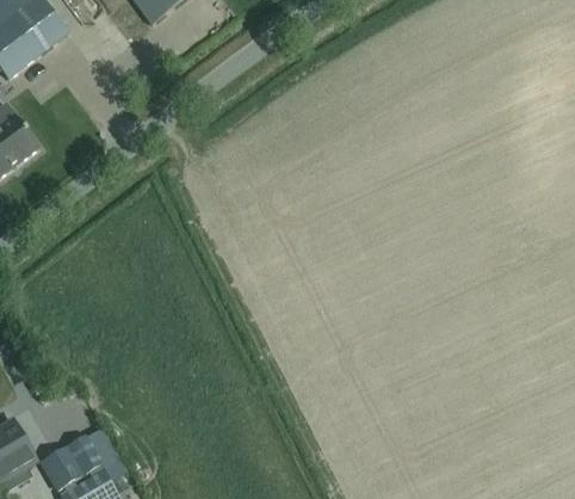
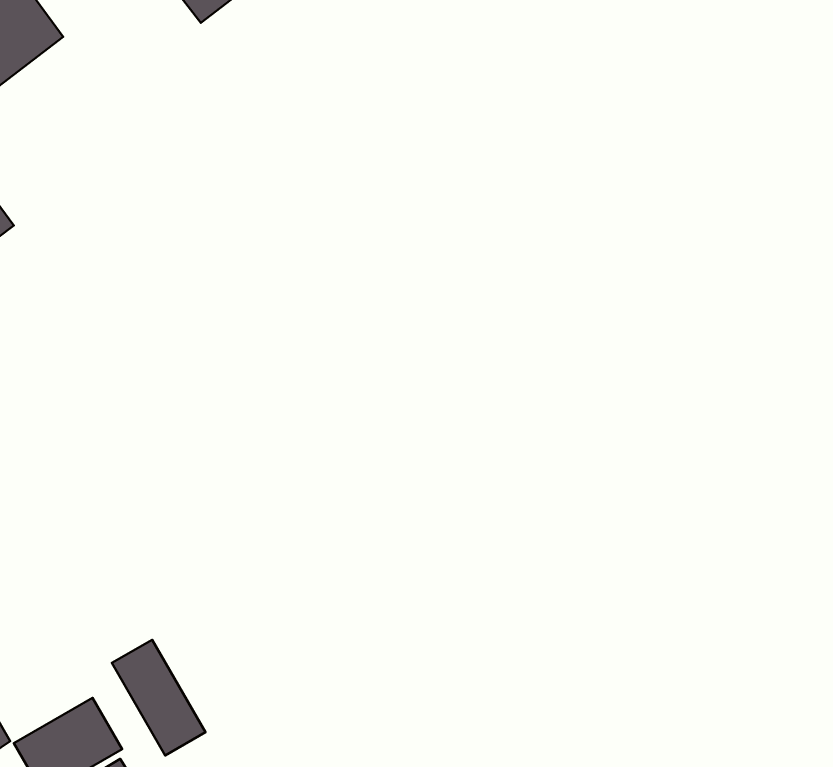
building: none -> [112,640,205,755]

